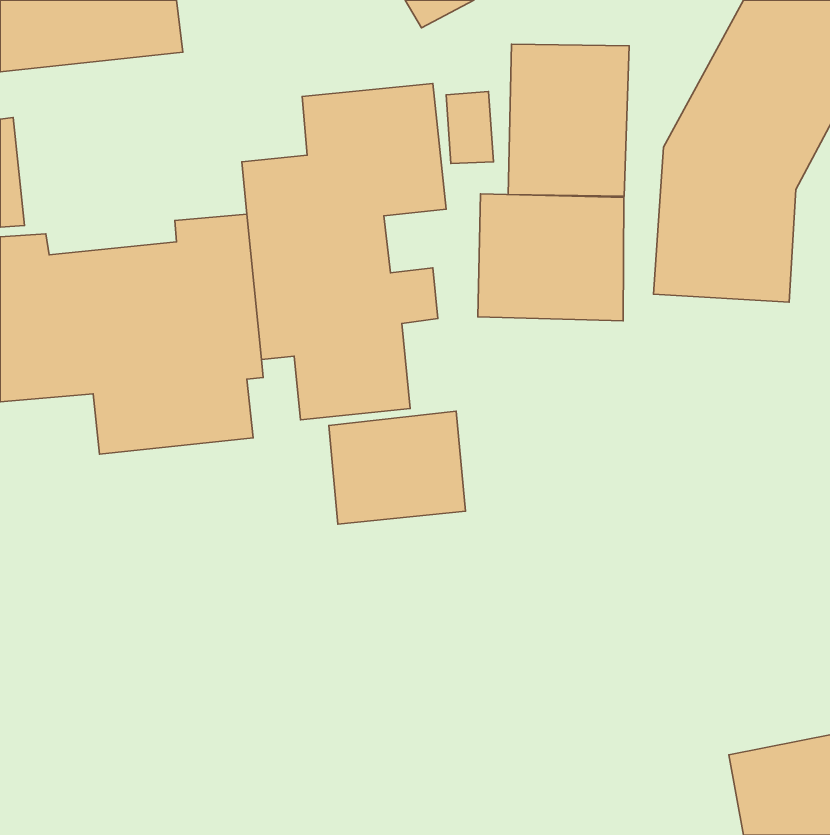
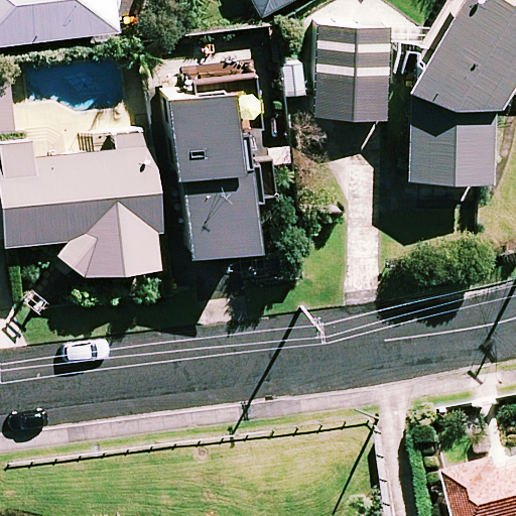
building: [478,194,624,321] -> none
building: [329,411,465,524] -> none

